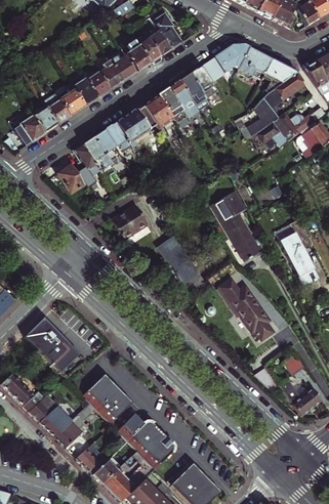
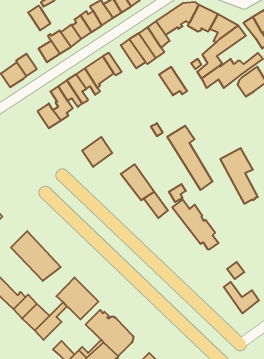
building: [42,94,69,124] -> [28,6,50,30]
building: [142,95,176,129] -> [159,67,187,95]

